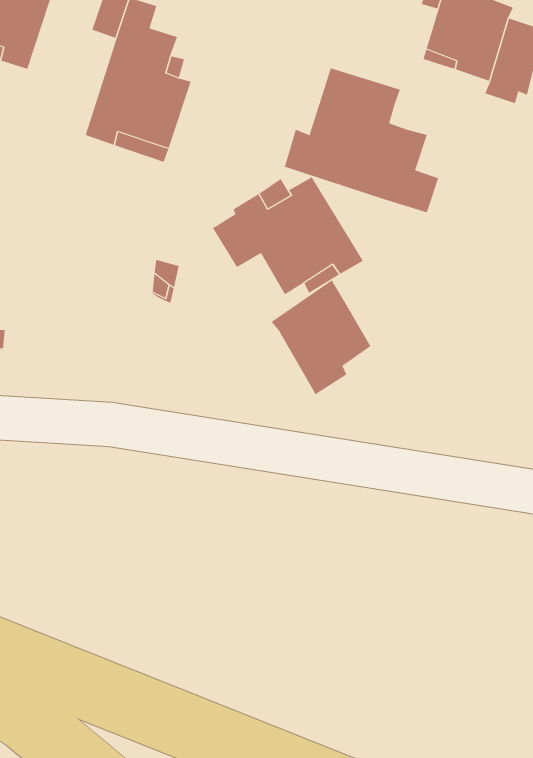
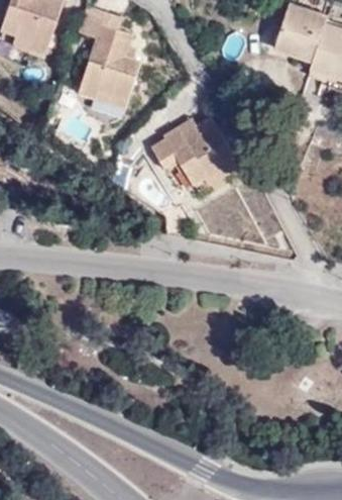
building: [284,68,439,213] -> none
building: [271,279,371,395] -> none

